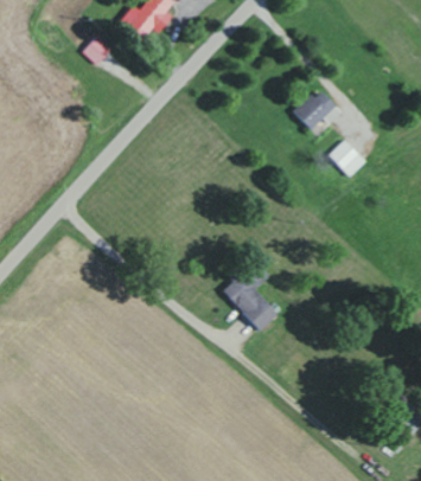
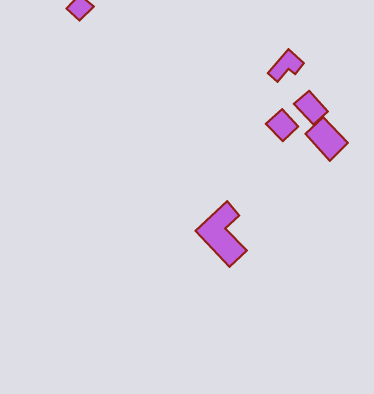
building: none -> [266,109,298,141]
building: none -> [305,117,348,161]

